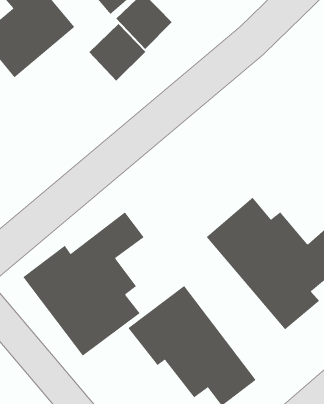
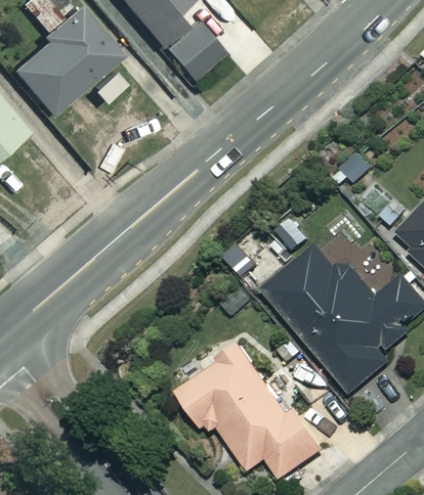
building: [89,23,146,82] -> none
building: [22,212,144,357] -> none

